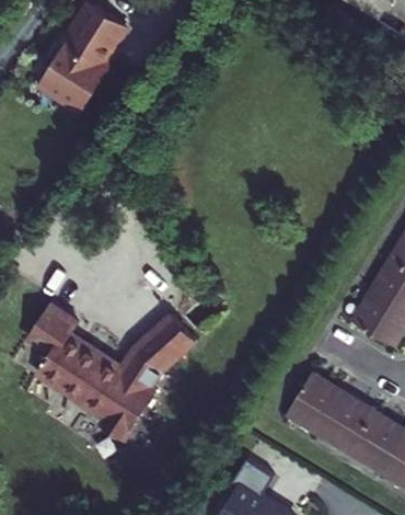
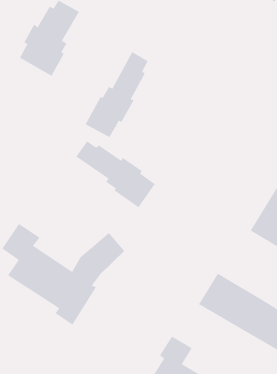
building: none -> [85,51,148,138]
building: none -> [76,141,155,208]

